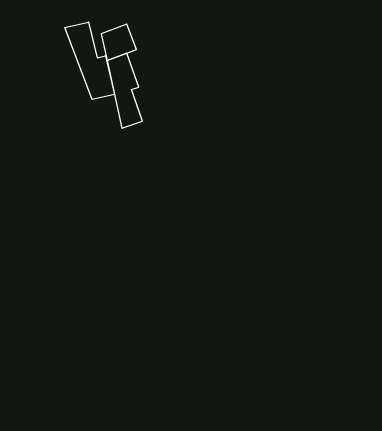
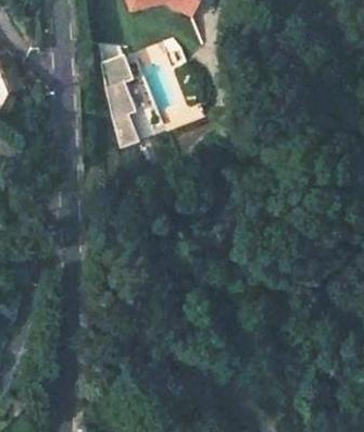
building: [65,22,115,99] -> none

